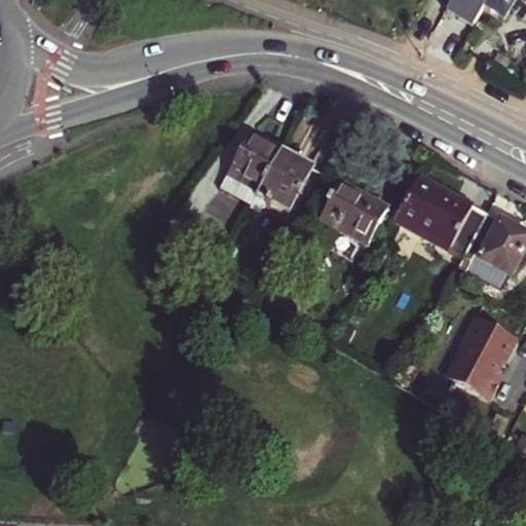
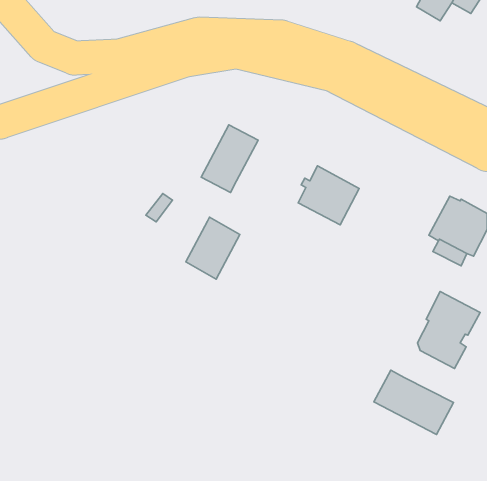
building: [255,147,313,214] -> [186,217,240,279]
building: [392,173,485,257] -> none
building: none -> [374,370,453,434]

